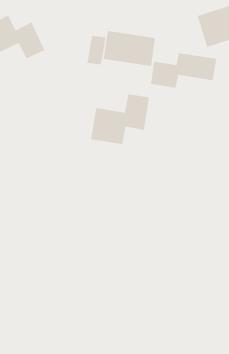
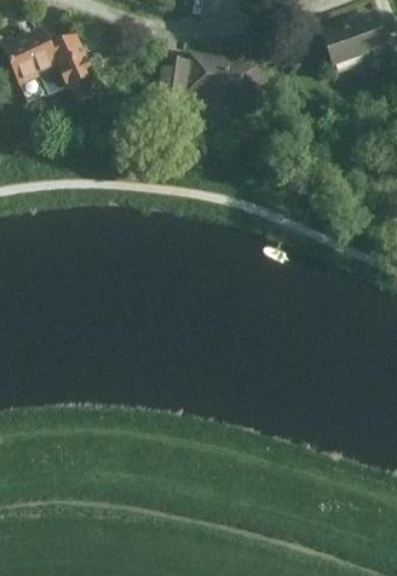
building: [150,52,217,89] -> none
building: [91,93,149,145] -> none

